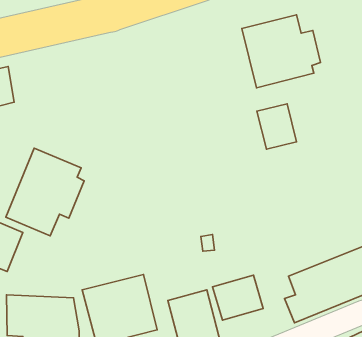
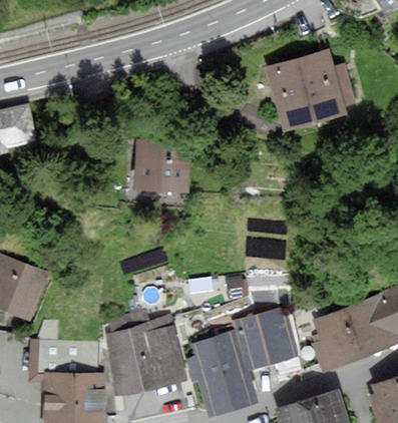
building: none -> [136,142,187,188]
building: [257,104,297,149] -> none
building: [6,148,84,236] -> none

